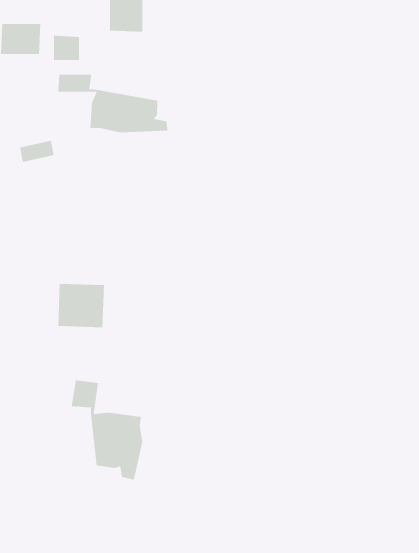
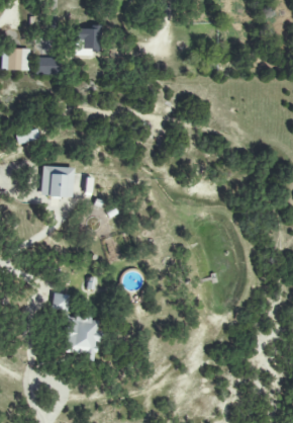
building: [58,74,168,133] -> none
building: [57,283,105,328] -> [42,166,75,196]

